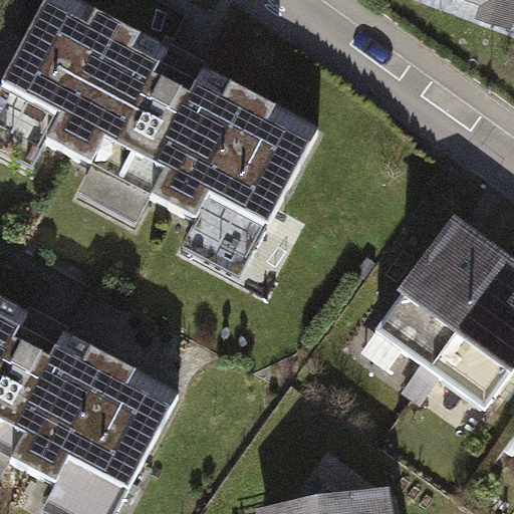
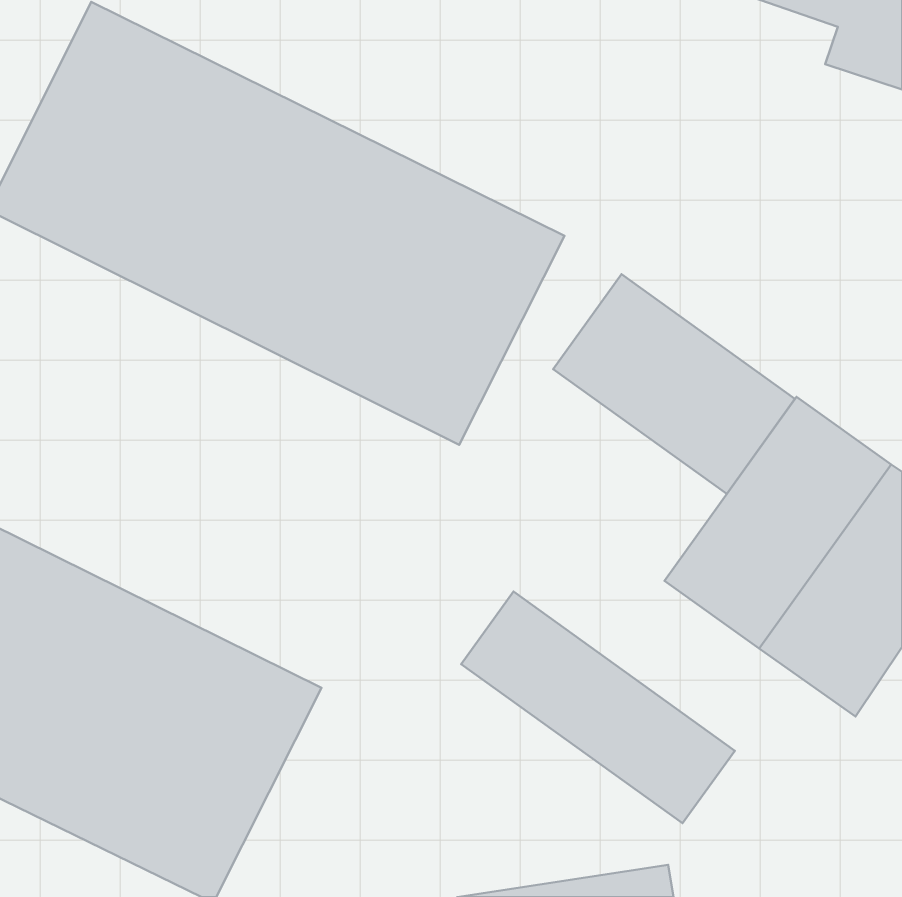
building: none -> [553,274,795,494]
building: none -> [461,592,735,823]

